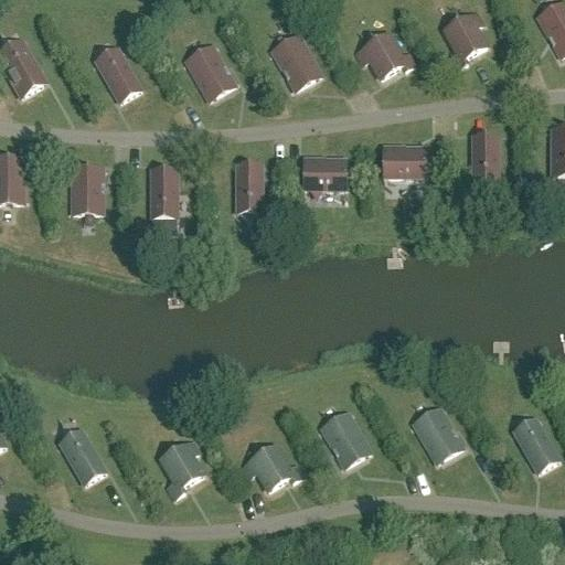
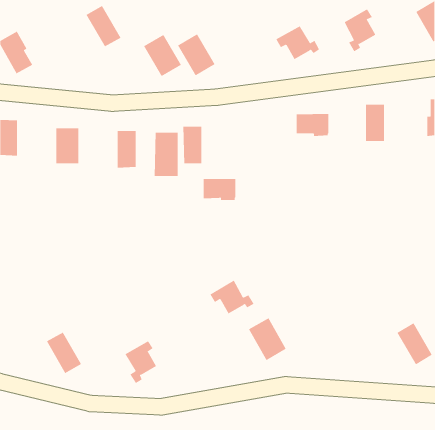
building: [271,34,321,89] -> [177,34,216,76]
building: [95,47,141,102] -> [86,5,121,47]
building: [303,159,347,188] -> [203,178,236,201]
building: none -> [154,132,178,177]
building: [413,406,462,462] -> none
building: [244,445,302,489] -> [209,280,255,314]

